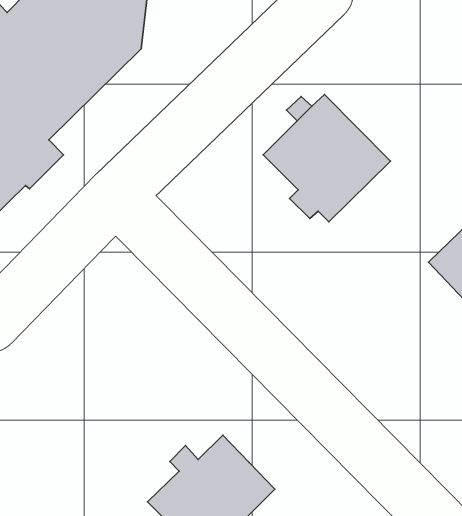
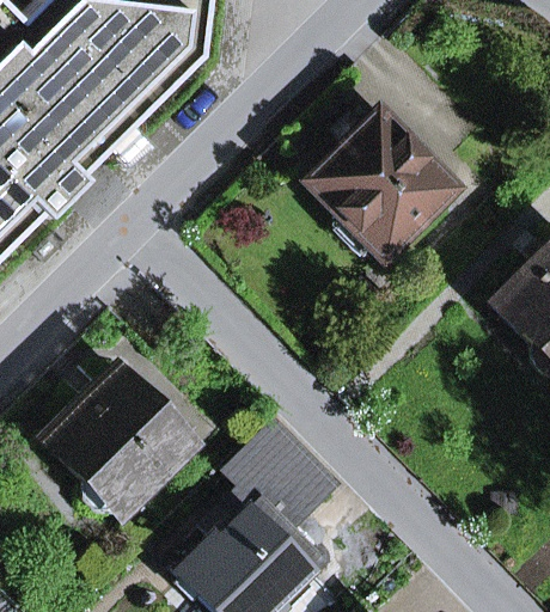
building: none -> [50,369,195,514]
building: none -> [225,427,338,527]

